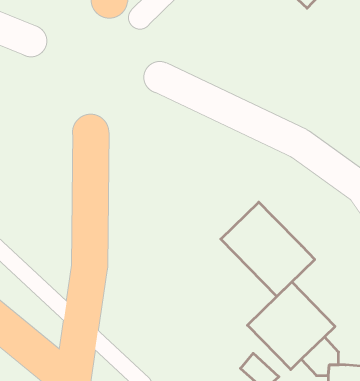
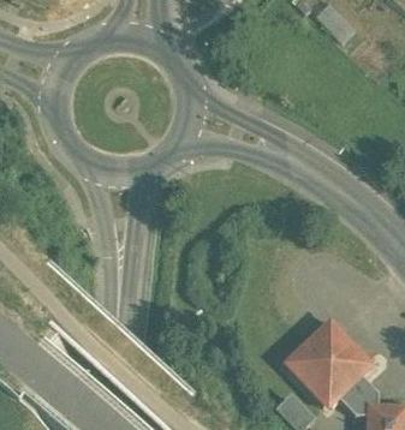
building: [221,202,315,297] -> none

